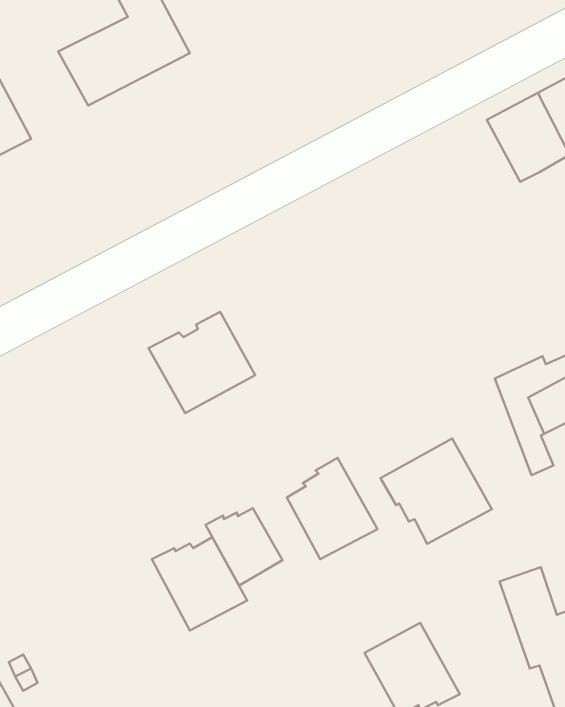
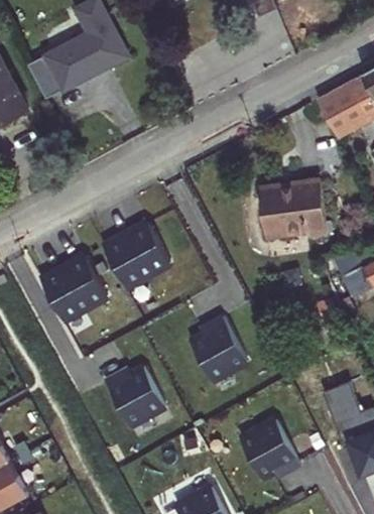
building: none -> [258,181,327,240]
building: none -> [39,256,106,320]
building: [380,438,492,544] -> none
building: [205,508,283,585] -> none

